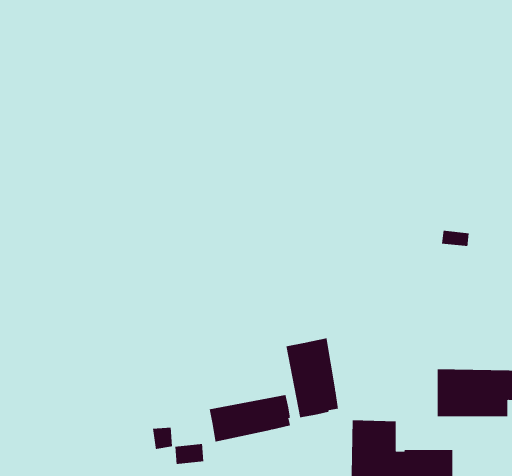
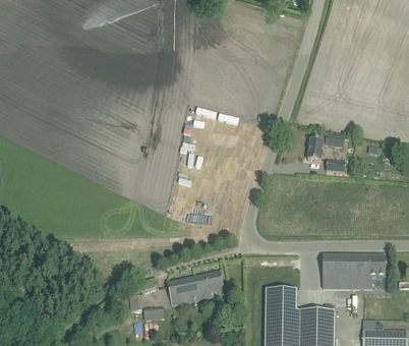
building: none -> [308,135,345,160]
building: [286,337,338,418] -> none

